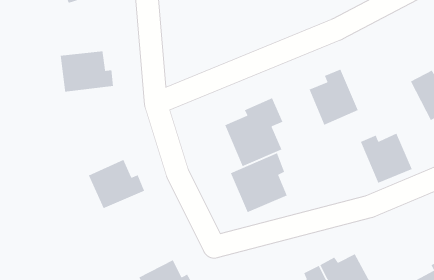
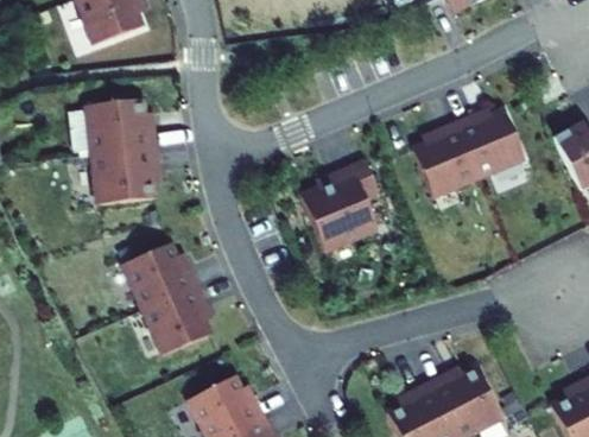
building: none -> [90,145,158,203]
building: [360,133,413,184] -> [456,109,526,177]
building: [230,152,288,213] -> none
building: none -> [141,284,210,354]

